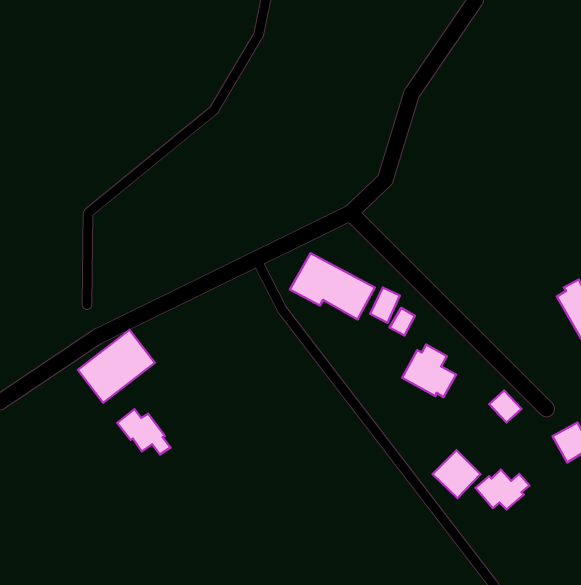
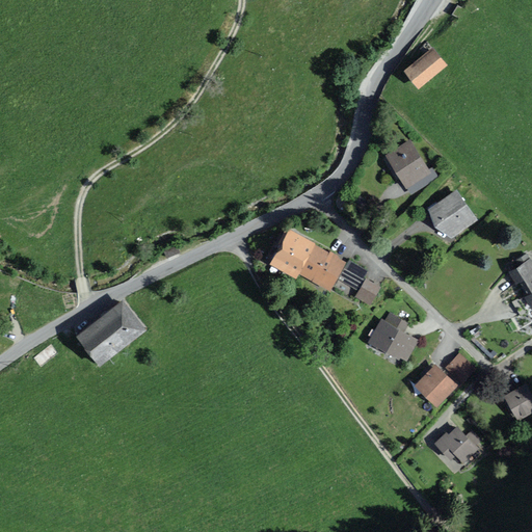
building: none -> [402,47,446,88]
building: none -> [383,138,430,188]
building: none -> [429,190,477,239]
building: [117,409,170,455] -> none
building: [432,450,481,498] -> [414,364,457,407]

